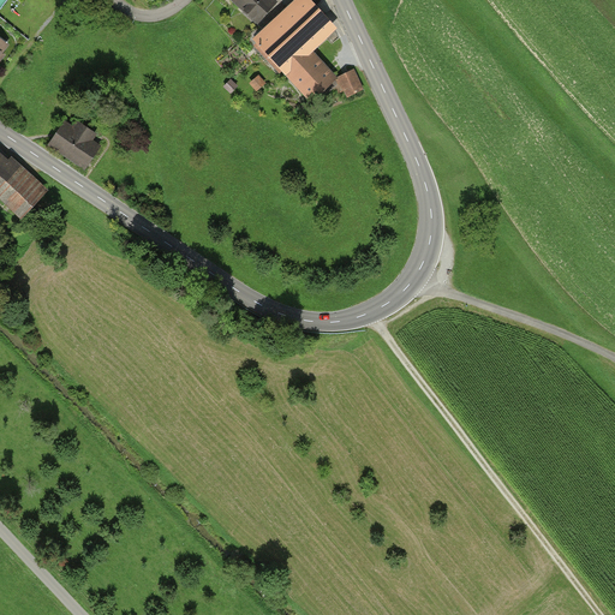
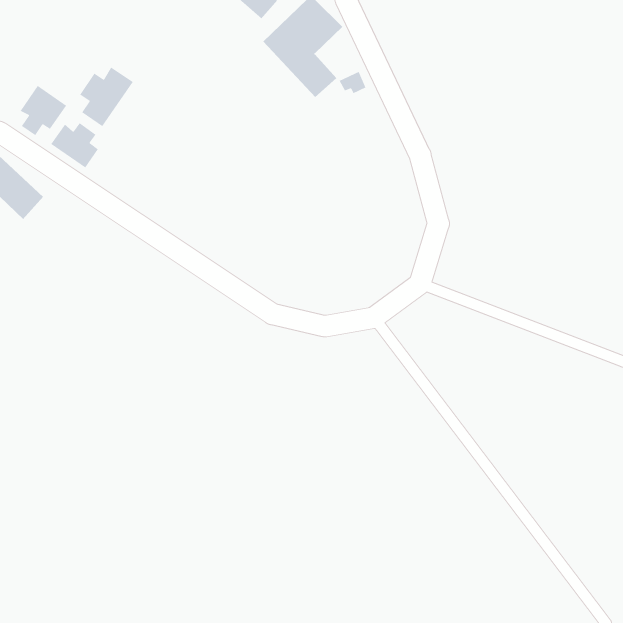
building: none -> [79,66,134,127]
building: none -> [19,85,67,136]

